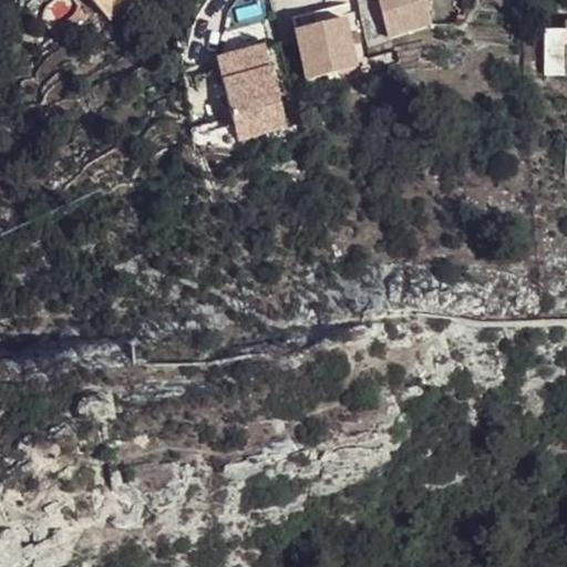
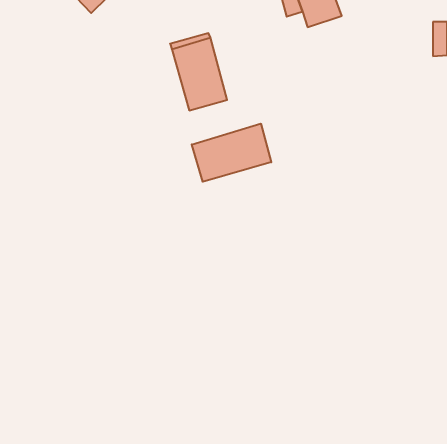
building: [292,4,355,78] -> none
building: none -> [192,124,271,182]

